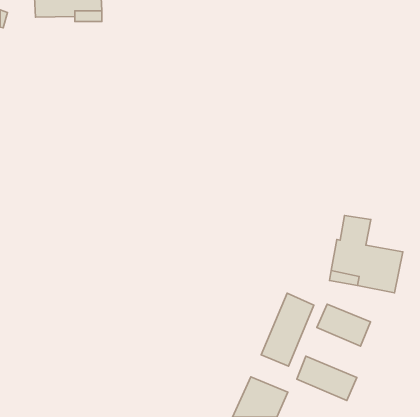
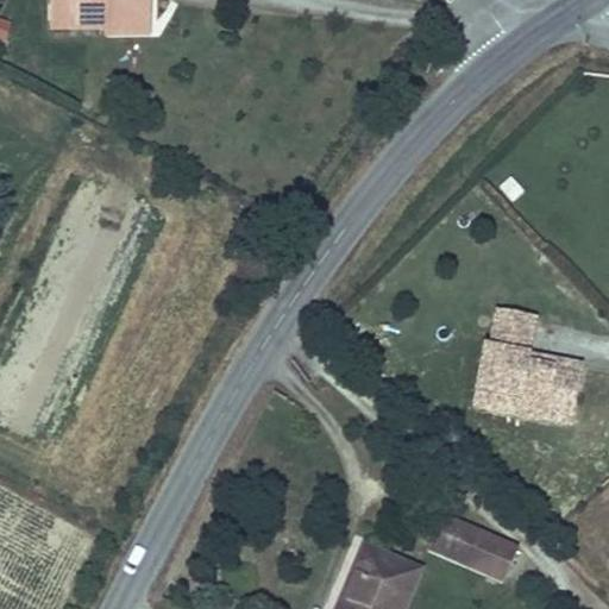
building: [261,293,314,366] -> none
building: [317,304,371,346] -> none

